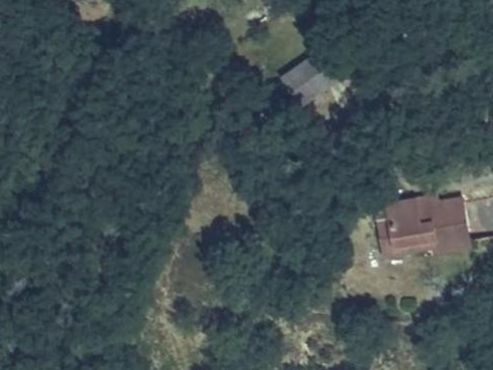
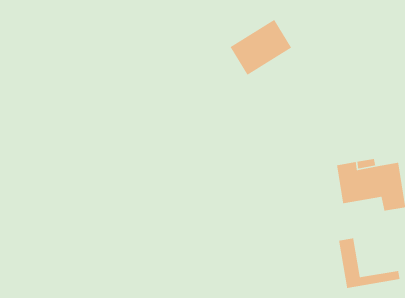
building: [377,203,444,258] -> [338,237,401,289]

